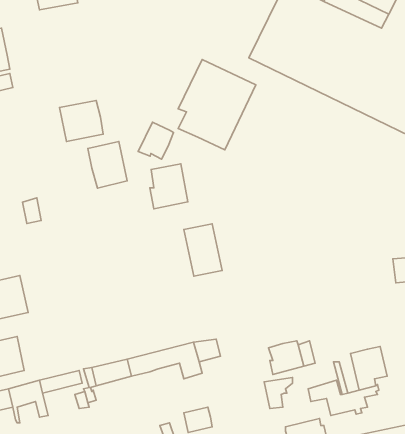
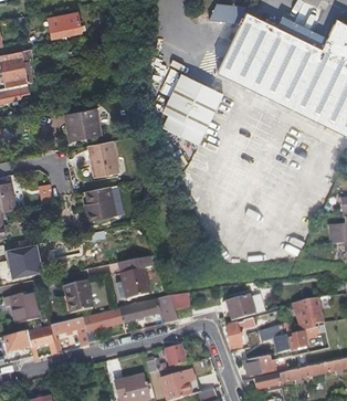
building: [138,122,174,159] -> none
building: [150,164,188,209] -> [86,184,116,220]
building: [184,224,222,276] -> [120,257,150,298]
building: none -> [66,281,93,312]

